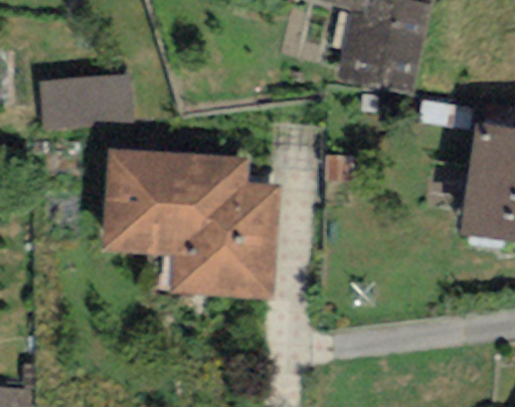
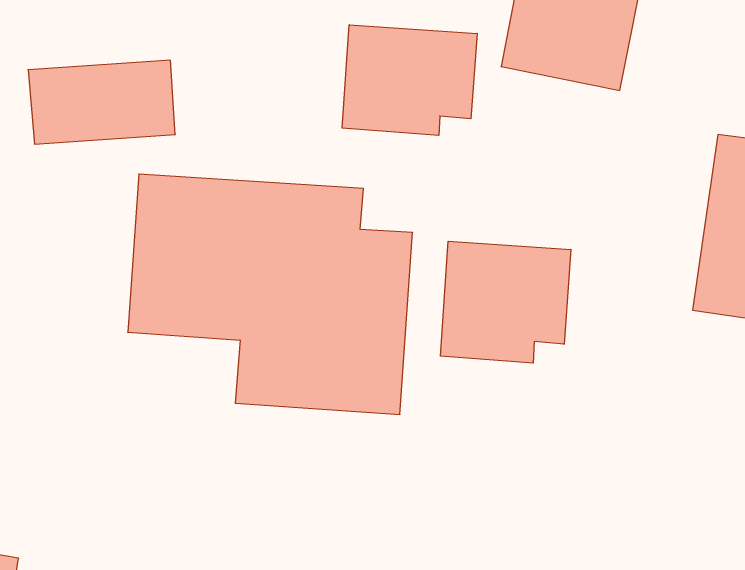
building: none -> [342,25,477,135]
building: none -> [441,241,571,363]

